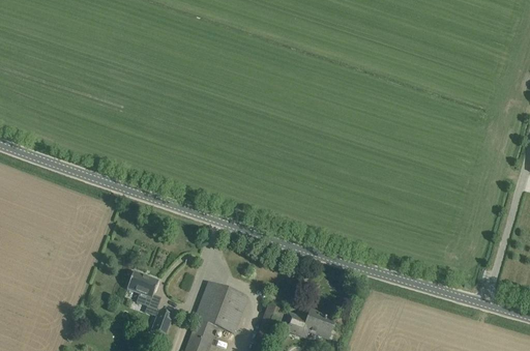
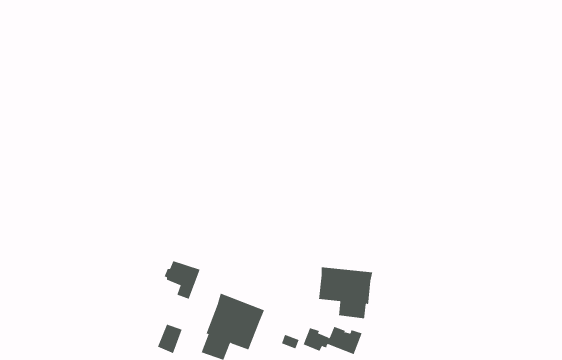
building: none -> [319,267,373,319]
building: [125,272,158,308] -> [164,260,200,299]

